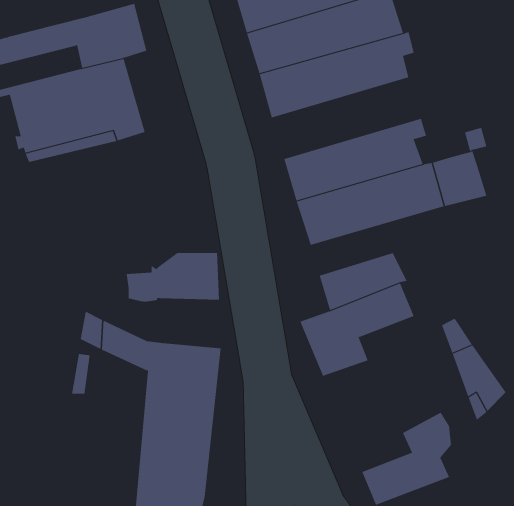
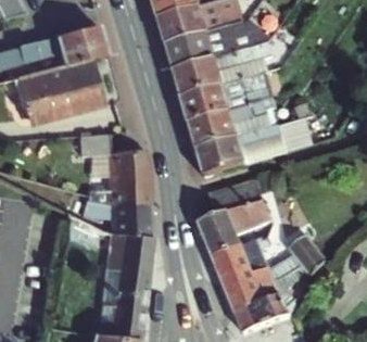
building: none -> [182,72,275,122]
building: none -> [79,134,150,189]
building: none -> [88,205,152,238]
building: none -> [214,236,287,314]

